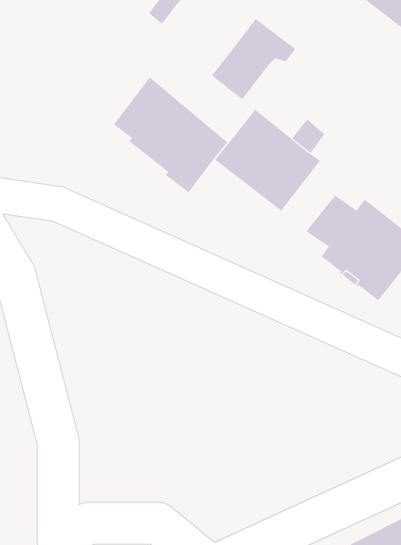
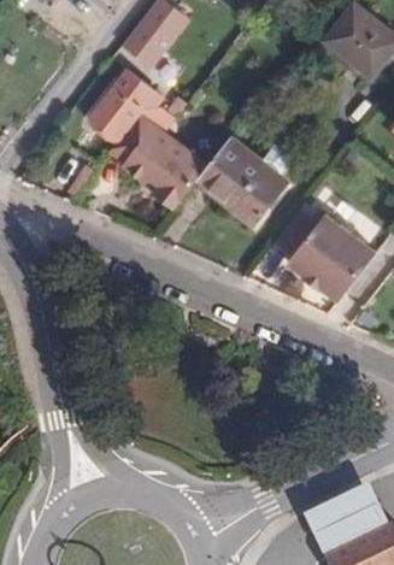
building: [212,18,296,100] -> [90,69,163,139]

